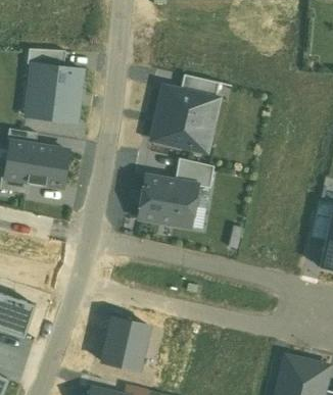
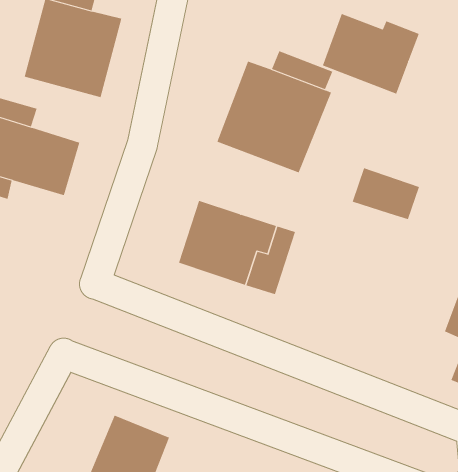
building: none -> [322,13,420,94]
building: [174,159,215,188] -> [352,167,420,220]

